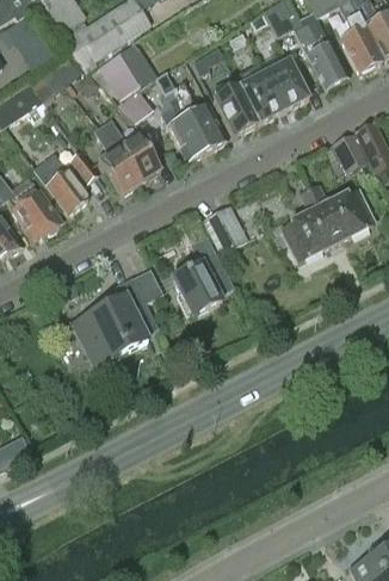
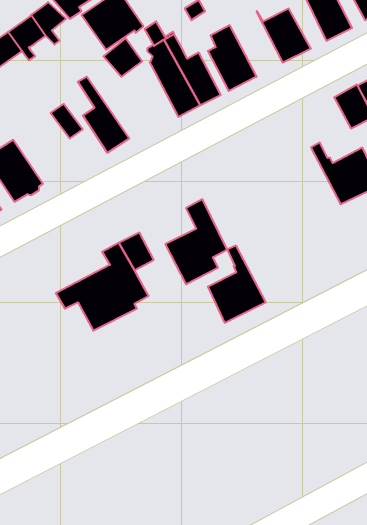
building: [234,64,283,124] -> none
building: [101,118,160,181] -> none
building: [33,153,88,214] -> none
building: [283,190,336,261] -> [208,246,266,323]
building: [200,203,247,252] -> none

